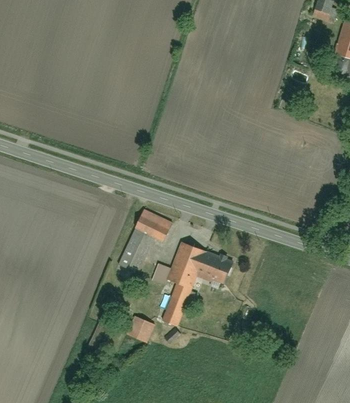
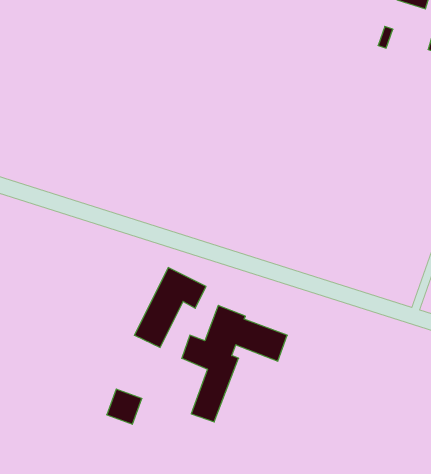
building: [129,316,155,342] -> [107,389,142,424]

